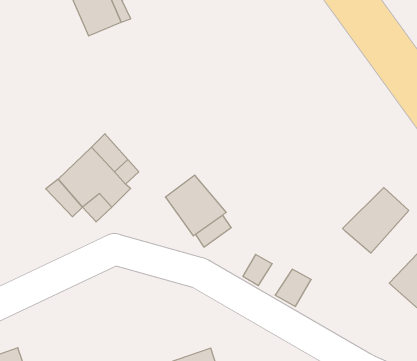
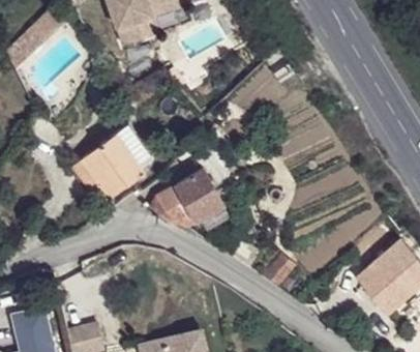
building: [343,188,409,253] -> none
building: none -> [155,185,197,228]

